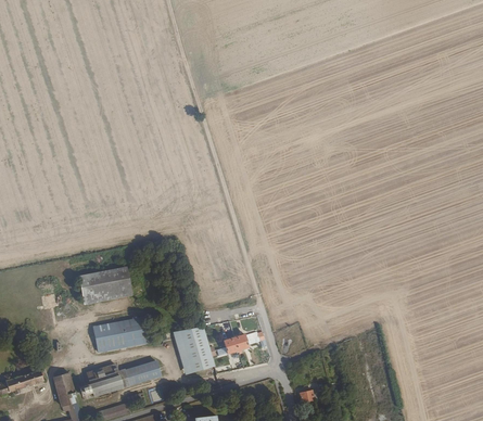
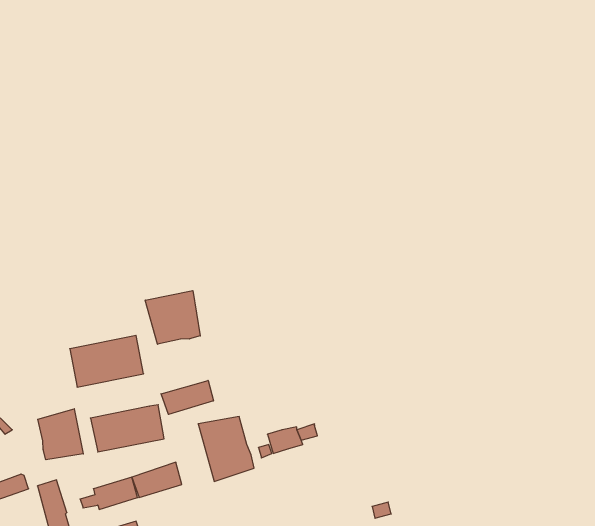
building: none -> [145,291,200,344]
building: none -> [161,380,213,414]
building: none -> [38,409,83,460]

